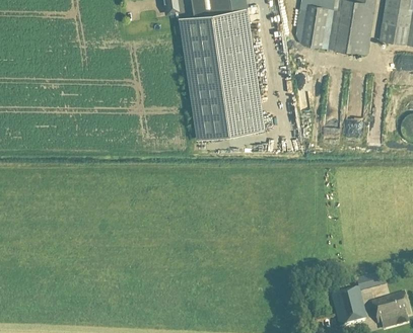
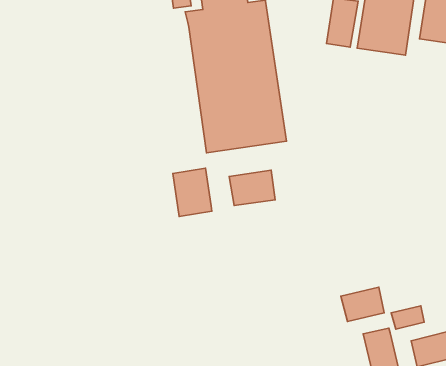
building: none -> [173,168,212,216]
building: none -> [229,170,275,206]
building: none -> [341,287,384,321]

